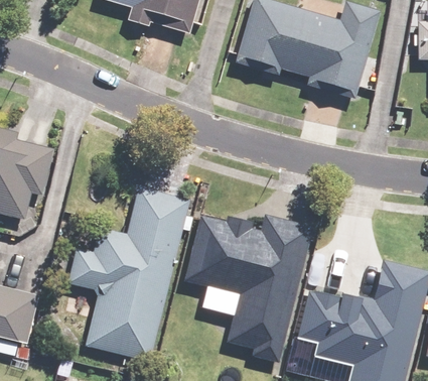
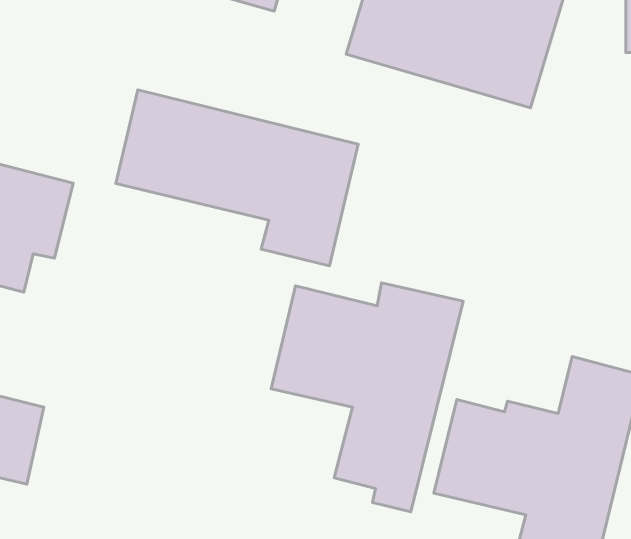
building: none -> [116,90,358,266]
building: [68,187,189,359] -> none

